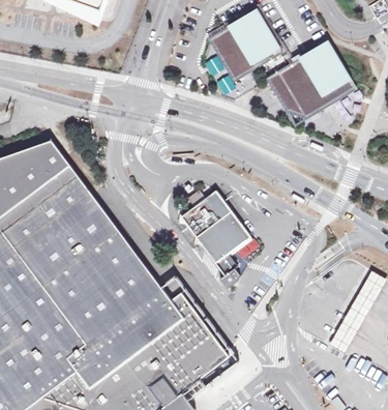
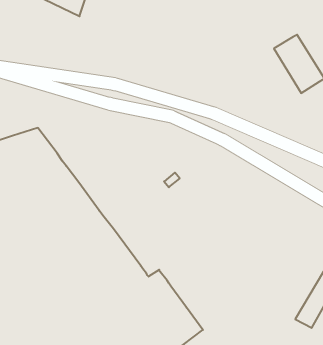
building: [209,9,282,81] -> none
building: [267,56,332,118] -> none
building: [181,191,249,288] -> none

